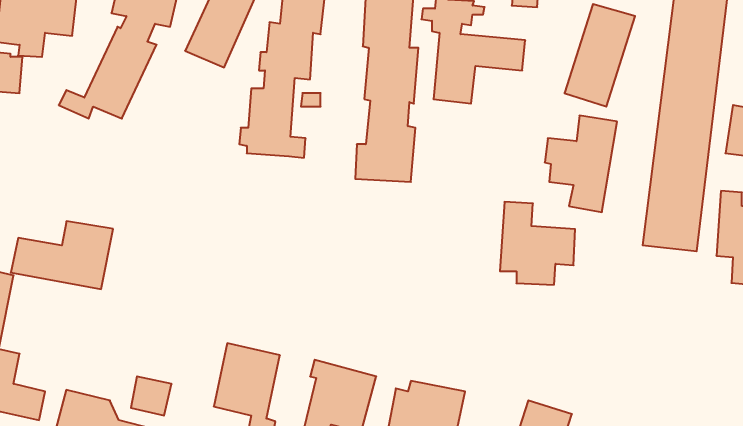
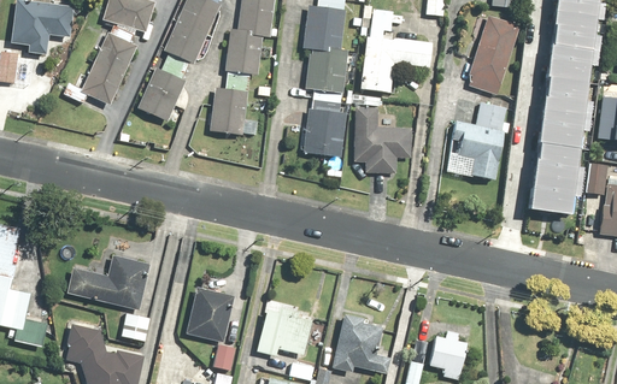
building: none -> [136,66,188,122]
building: [500,202,575,285] -> [353,106,413,172]
building: [11,221,113,289] -> [67,254,149,308]

